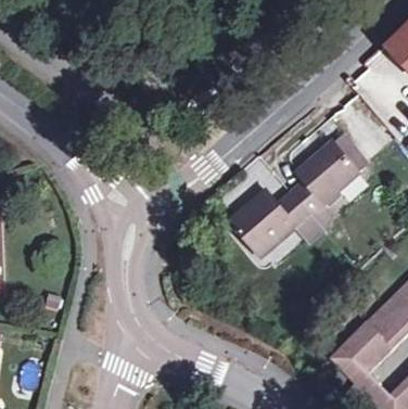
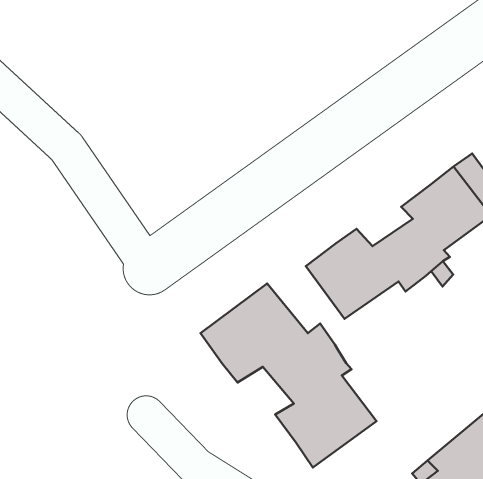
building: none -> [200,283,377,467]

